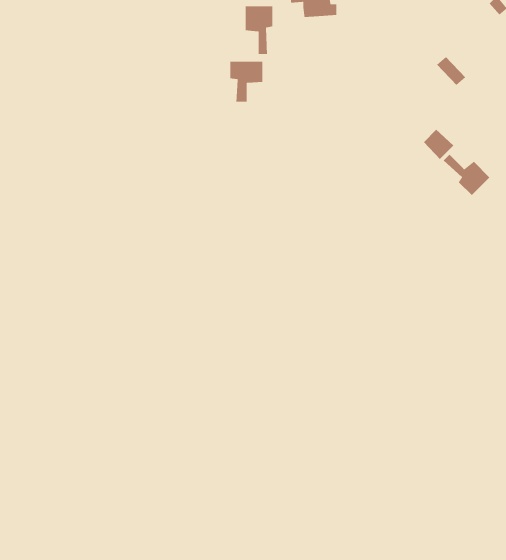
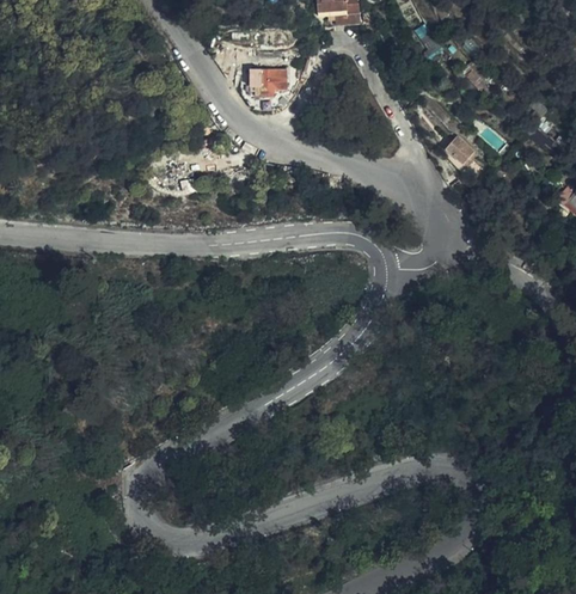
building: [245,6,273,55] -> none
building: [443,154,490,196] -> none

